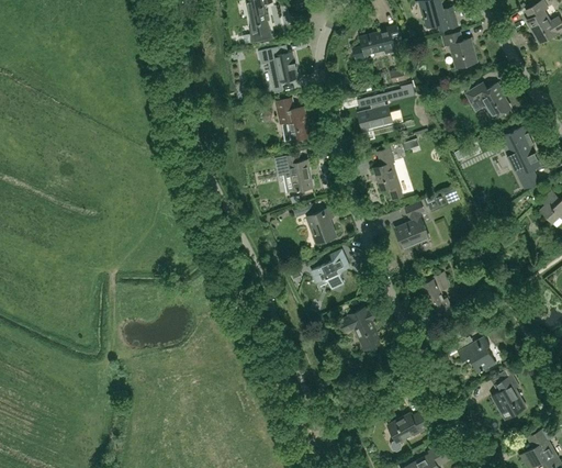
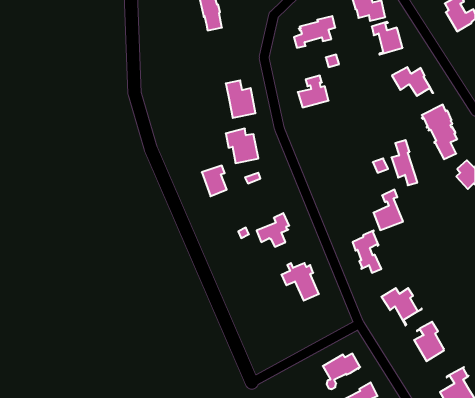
building: [268,45,297,82] -> none
building: [373,148,403,200] -> [391,140,417,185]
building: [395,202,429,248] -> [373,190,403,230]
building: [307,209,336,244] -> [202,166,227,196]

